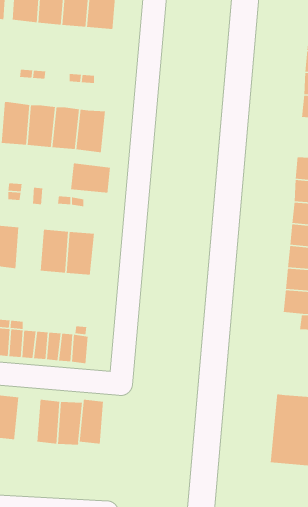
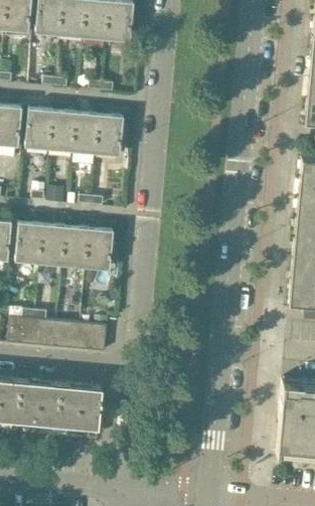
building: [70,162,111,193] -> none
building: none -> [40,225,65,267]
building: [79,399,104,444] -> [39,383,62,426]

